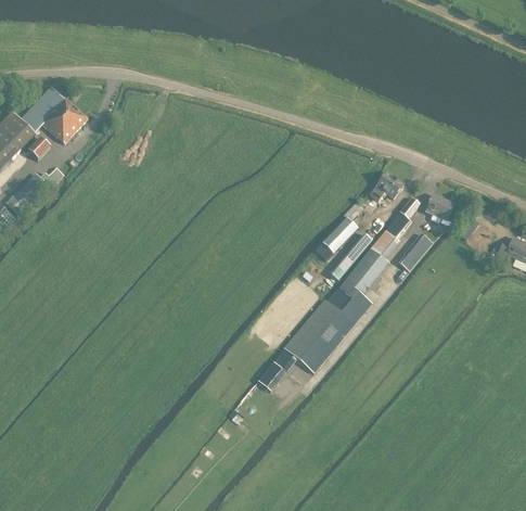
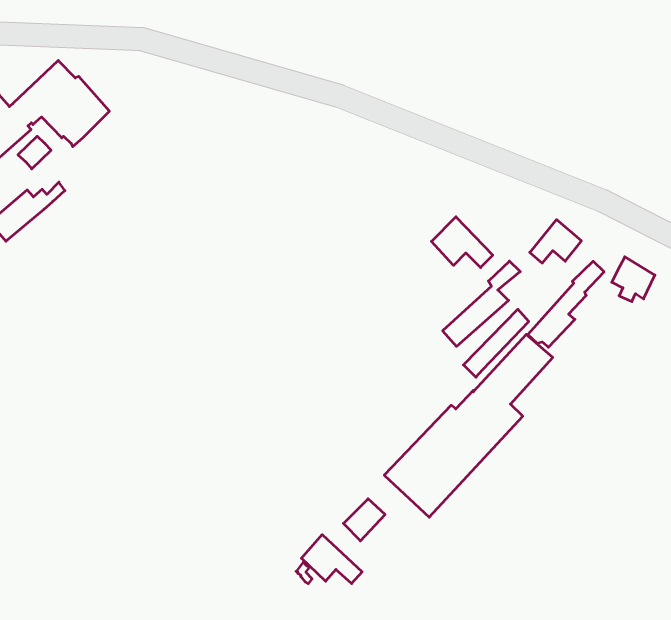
building: none -> [431,217,493,268]
building: [397,233,432,271] -> none
building: none -> [301,535,362,584]

